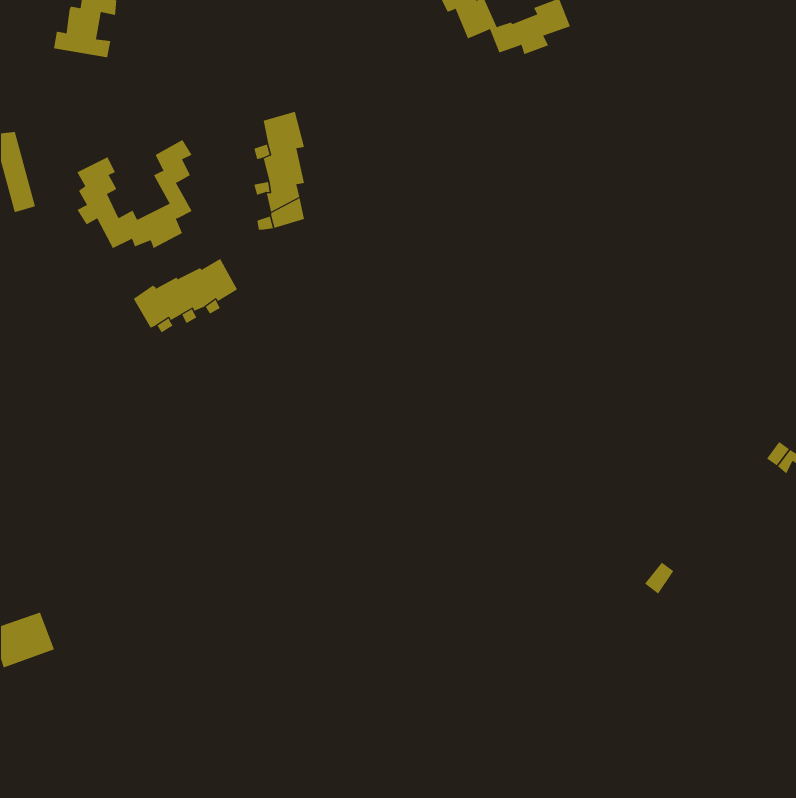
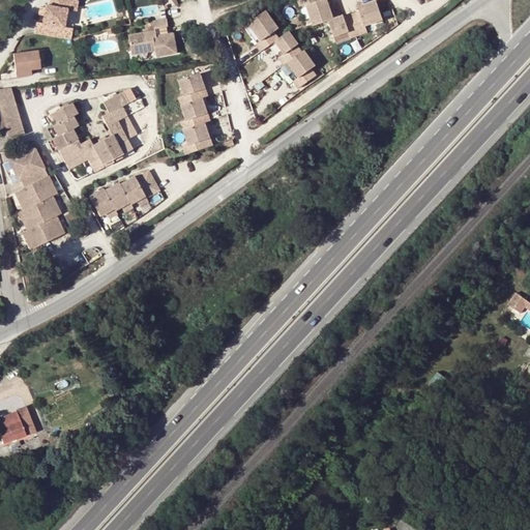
building: none -> [247,12,314,90]
building: none -> [130,20,178,57]
building: none -> [13,50,40,71]
building: none -> [10,147,64,247]

